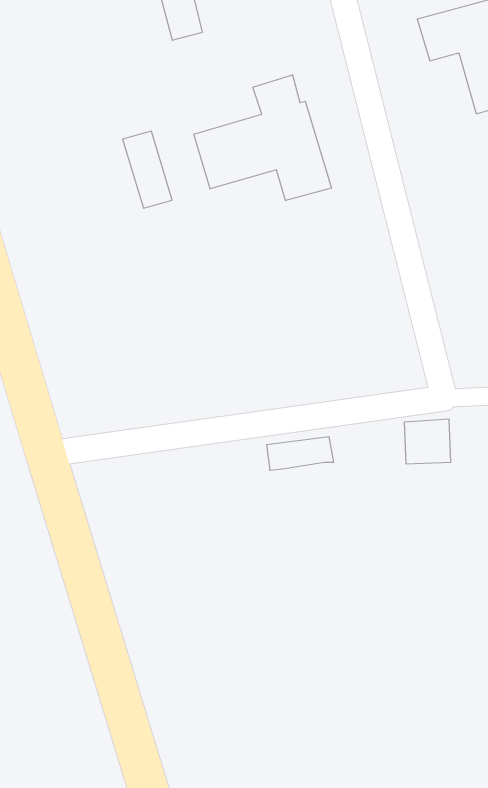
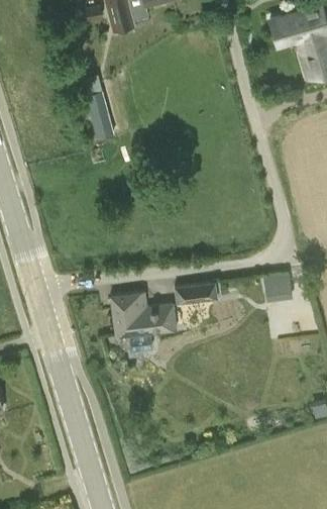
building: [194,75,331,201] -> none
building: none -> [110,293,177,337]

